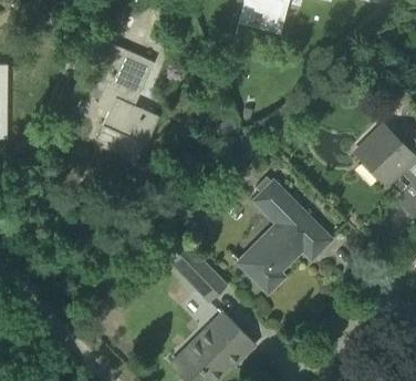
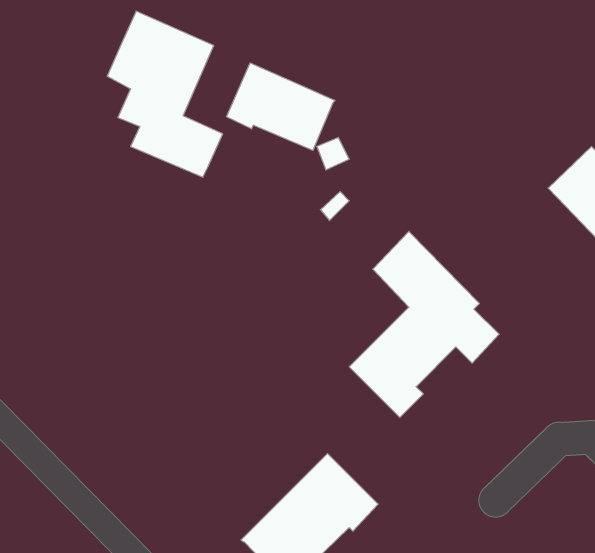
building: none -> [226,63,335,150]
building: [167,241,228,303] -> none

